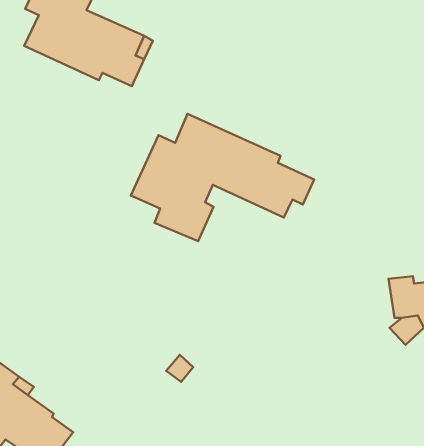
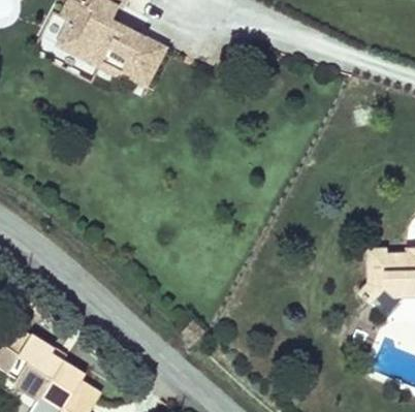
building: [131,114,314,241] -> none

